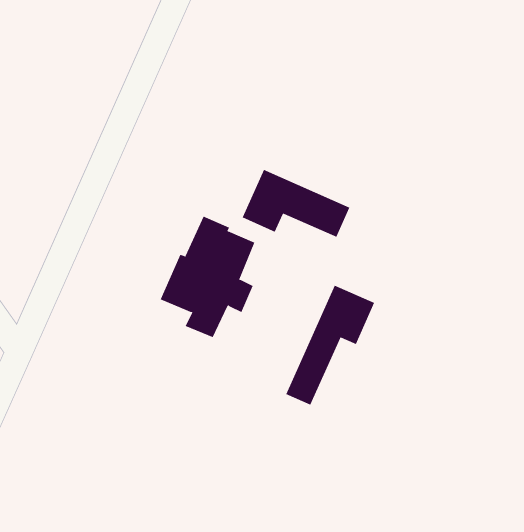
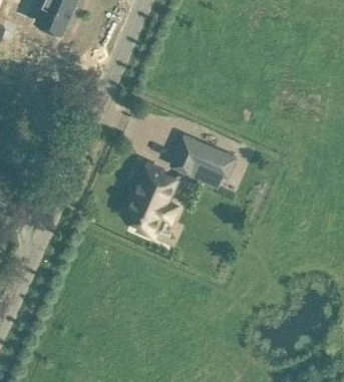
building: [286,285,375,405] -> none

